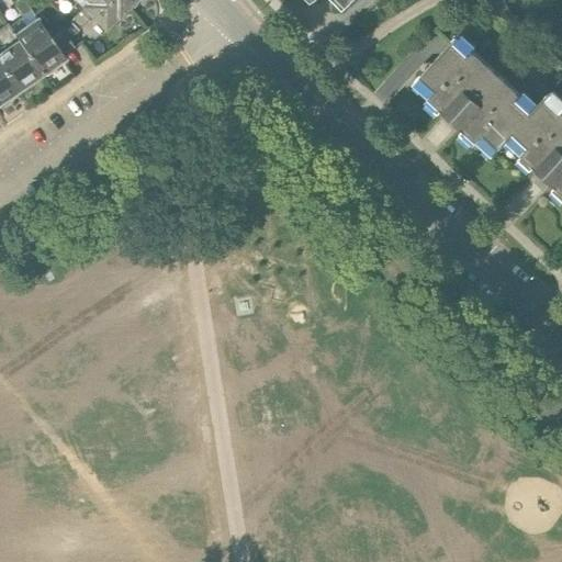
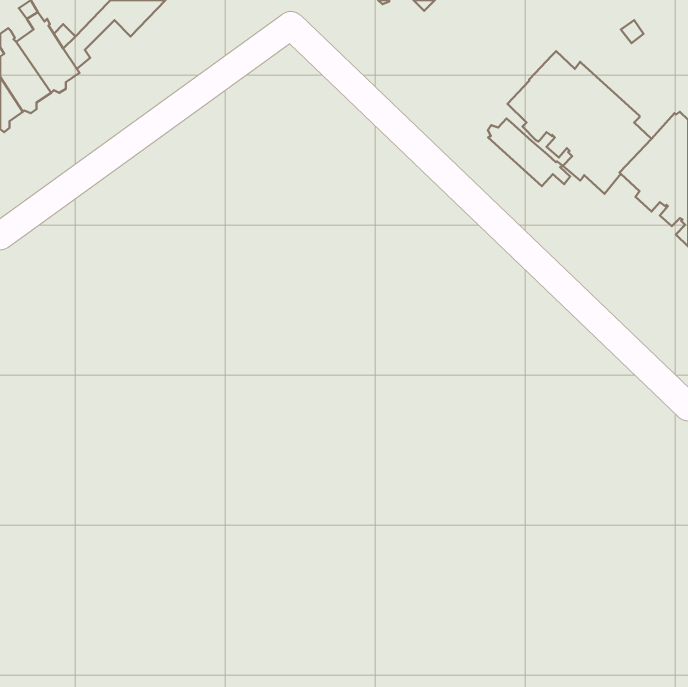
building: none -> [488,118,570,186]

